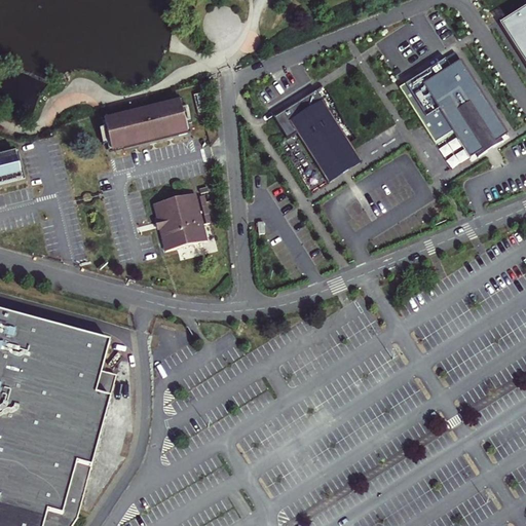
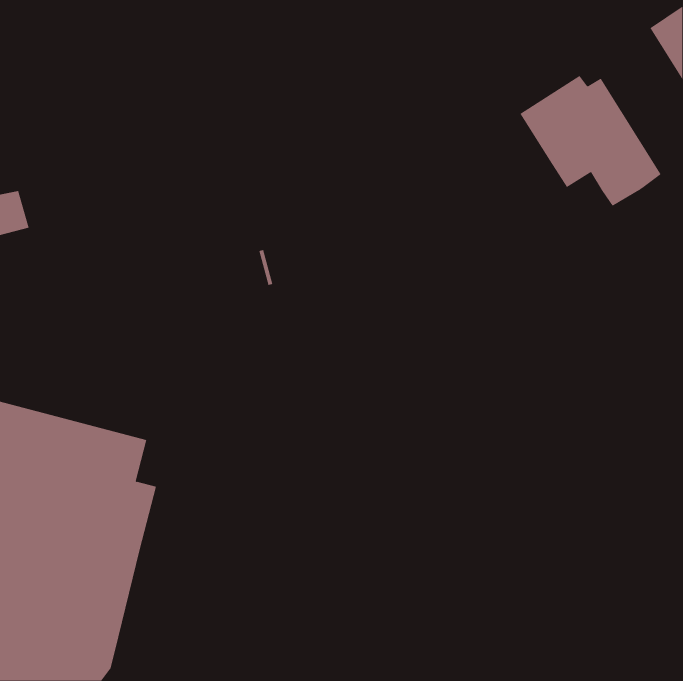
building: [271,88,360,182] -> none
building: [103,98,187,145] -> none
building: [153,189,205,247] -> none

